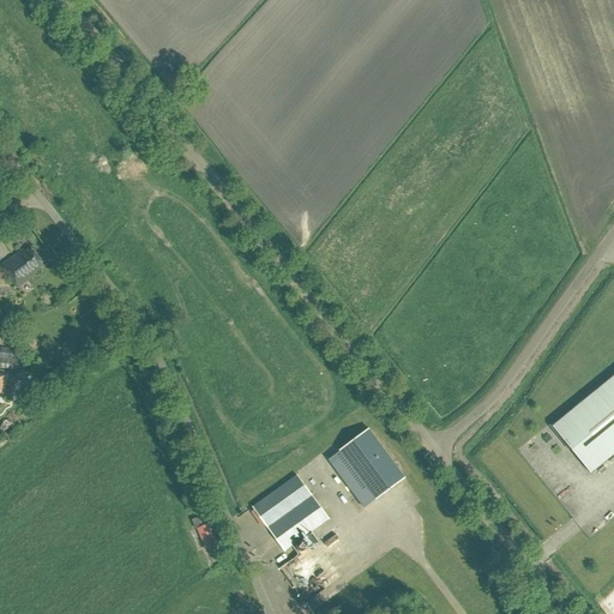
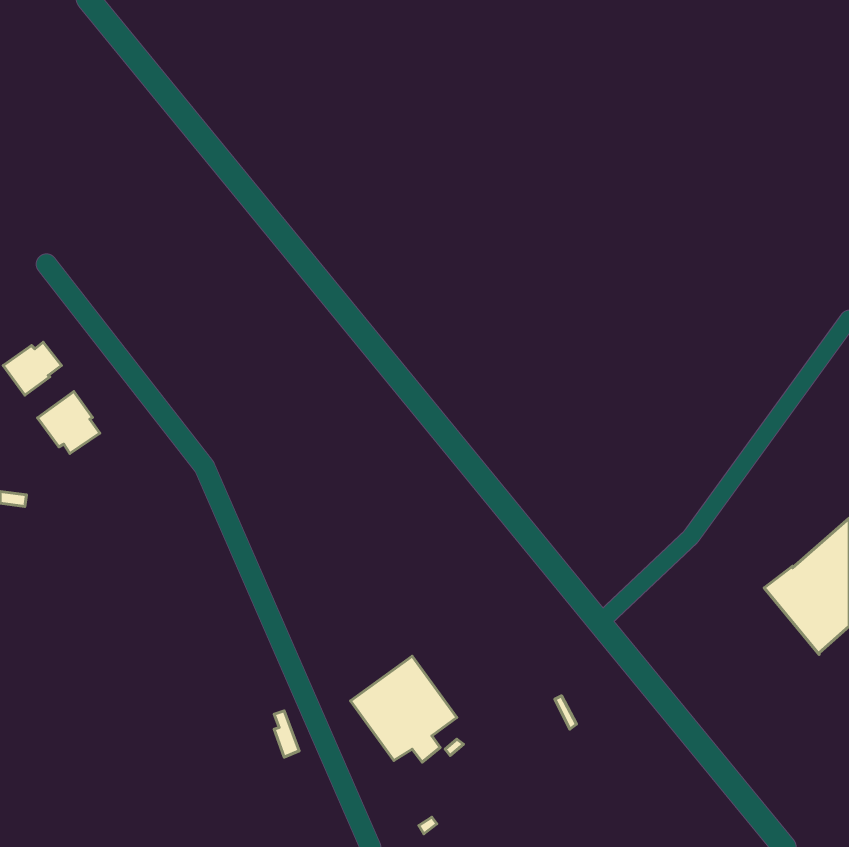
building: none -> [37,391,100,453]
building: [329,428,405,506] -> none

